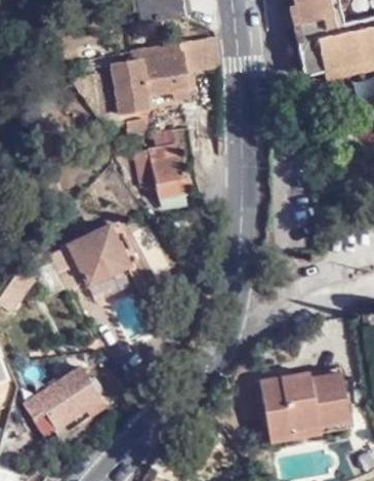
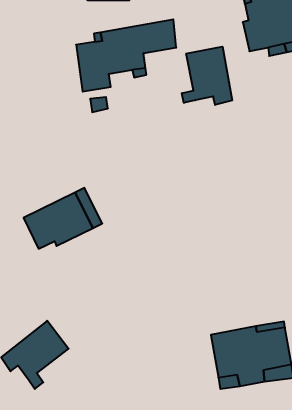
building: none -> [182,47,232,105]
building: [136,146,190,199] -> none

